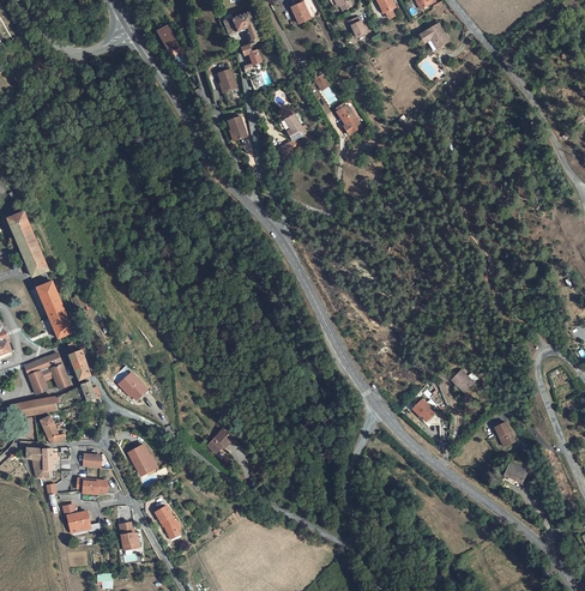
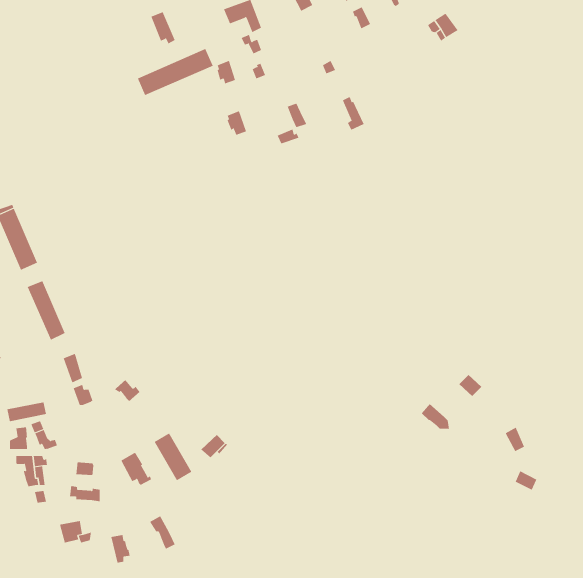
building: none -> [137,48,213,96]
building: [25,354,70,394] -> none
building: none -> [154,432,192,481]

